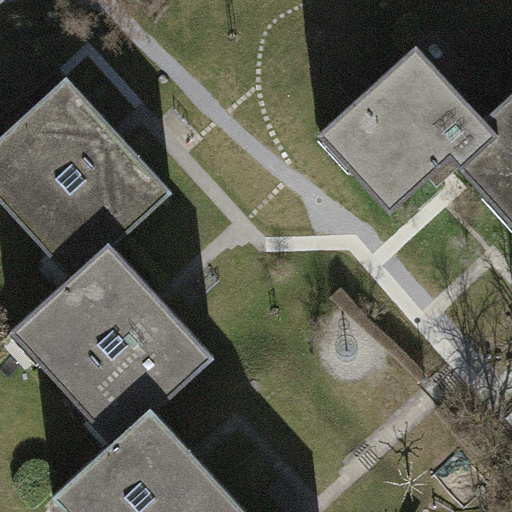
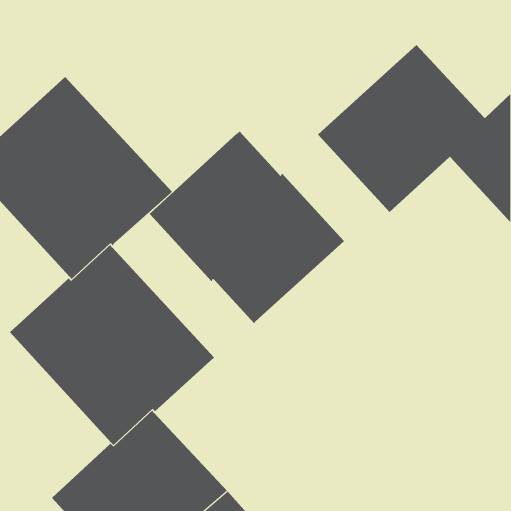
building: none -> [149,131,345,324]

